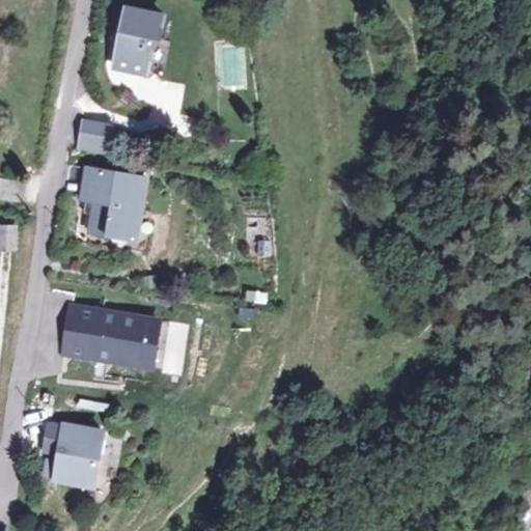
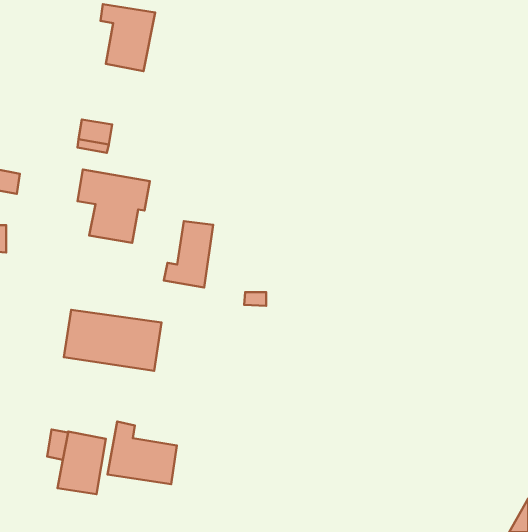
building: none -> [164,221,213,287]
building: none -> [107,422,177,484]

